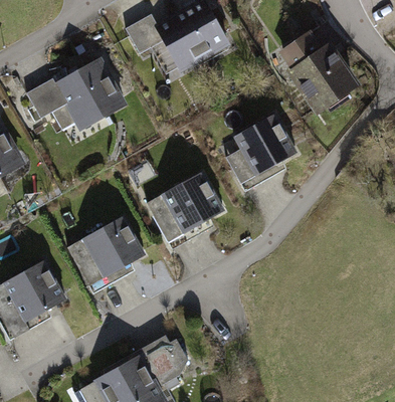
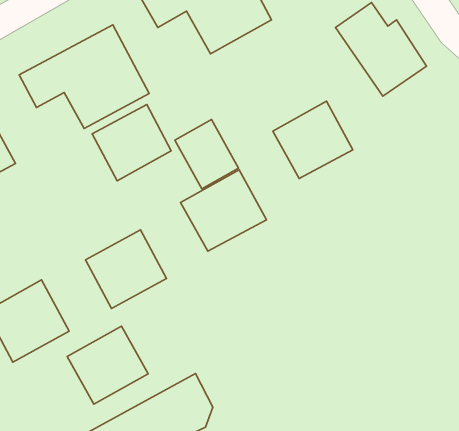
building: none -> [92,105,171,181]
building: none -> [175,119,238,189]
building: none -> [67,326,148,404]

